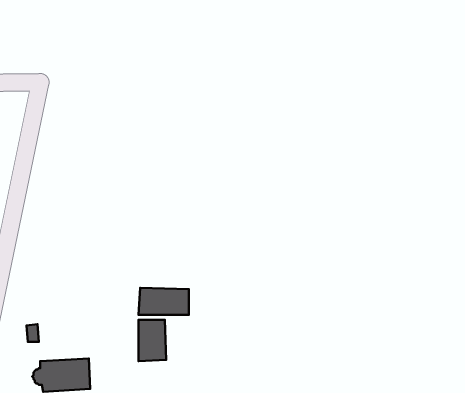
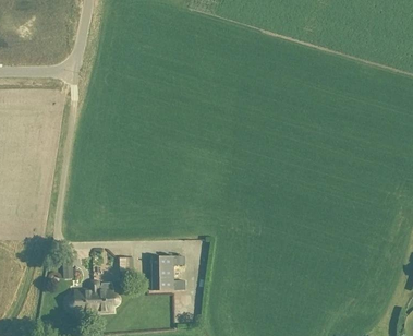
building: [138,288,189,315] -> none

